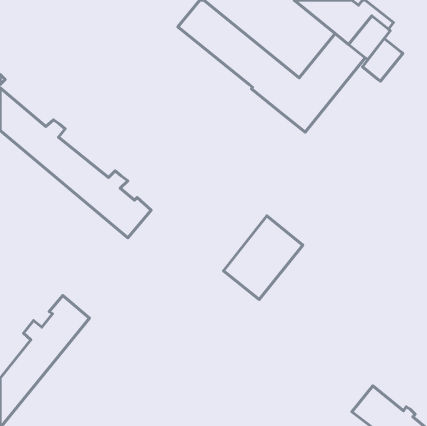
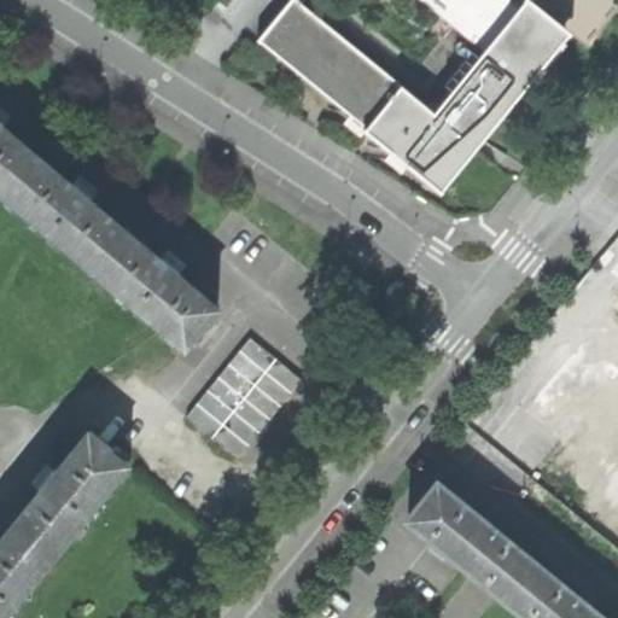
building: [362,39,403,81] -> none
building: [223,216,303,299] -> [187,334,302,455]
building: none -> [412,480,538,596]

